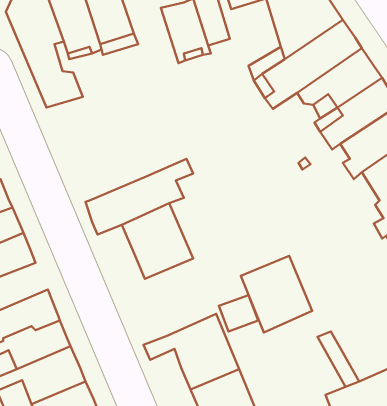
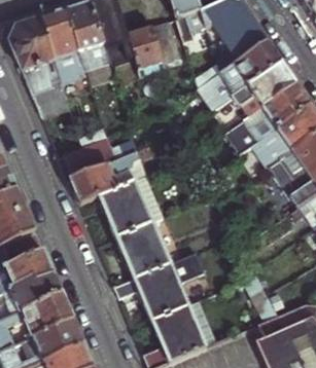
building: none -> [65,136,117,178]
building: [241,256,312,333] -> [116,222,171,281]

